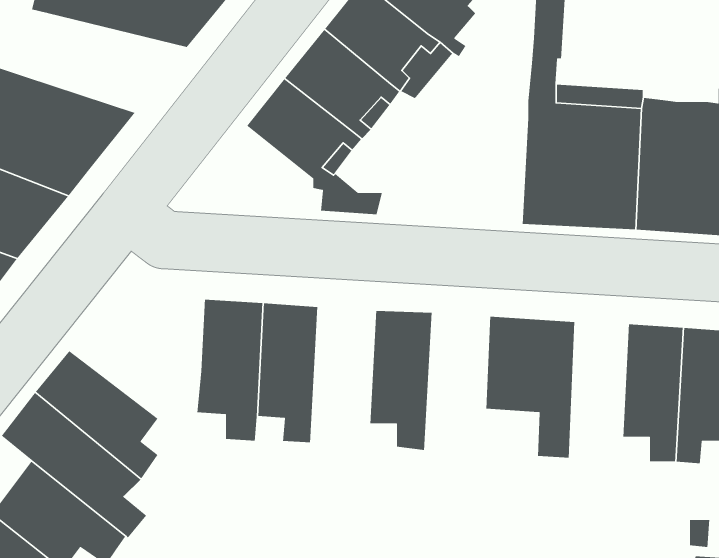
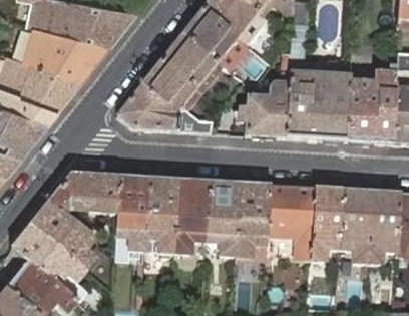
building: none -> [24,27,109,79]
building: none -> [239,53,291,138]
building: none -> [117,86,180,131]
building: none -> [47,176,118,218]
building: none -> [174,182,209,255]
building: none -> [235,185,269,259]
building: none -> [311,190,342,262]

